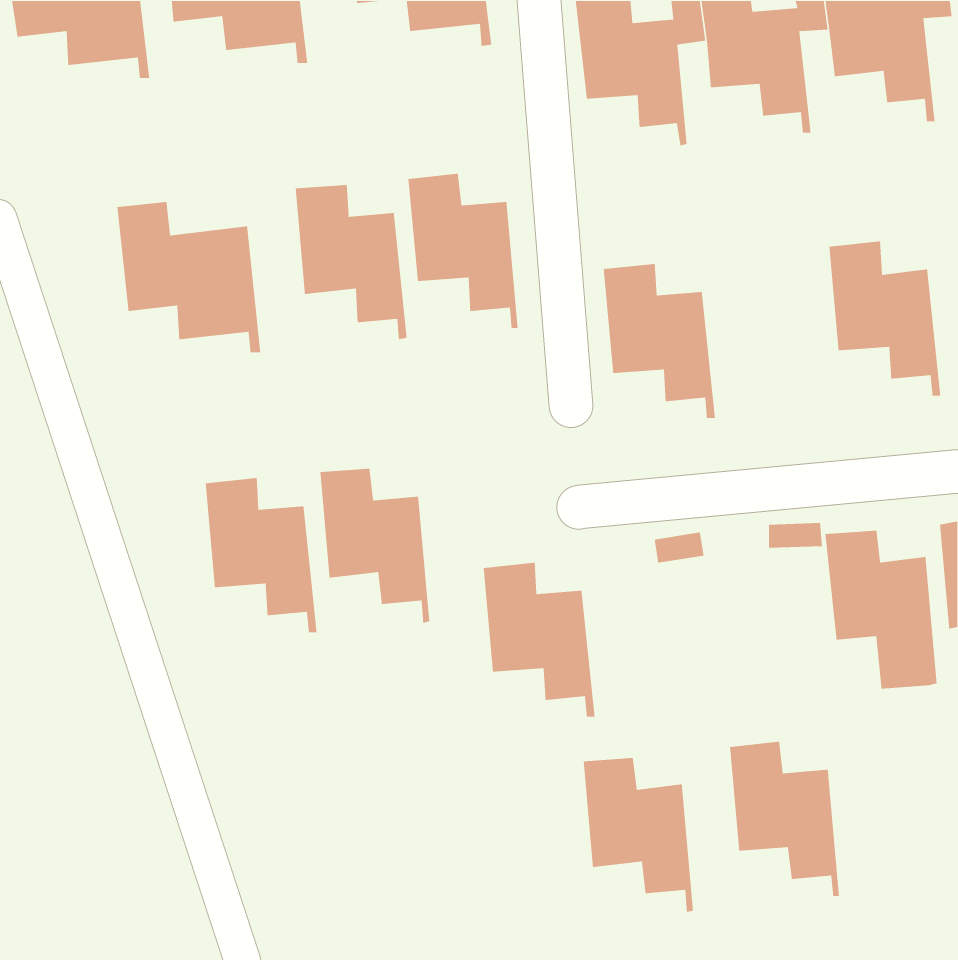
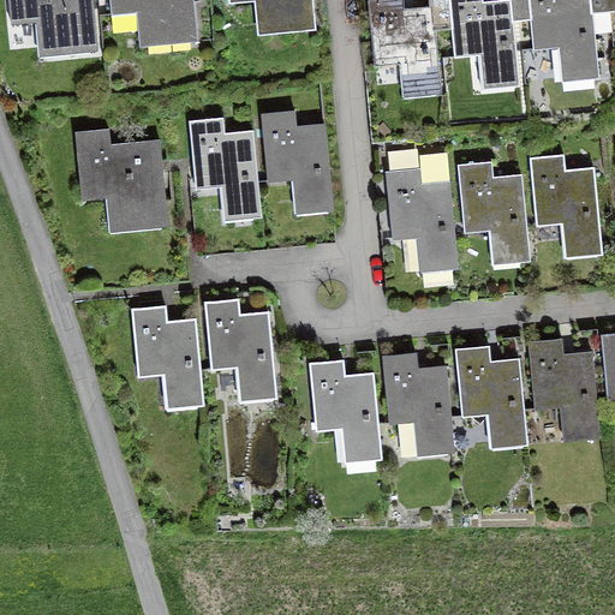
building: none -> [458,161,530,261]
building: [729,741,840,897] -> [455,345,526,444]
building: [583,757,694,913] -> [382,353,453,453]

